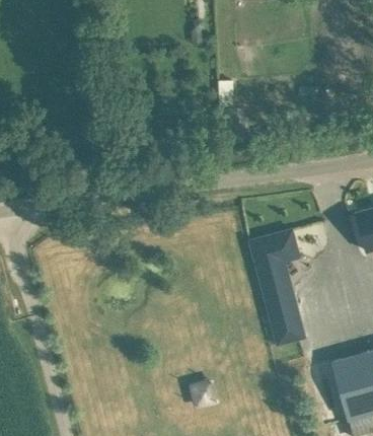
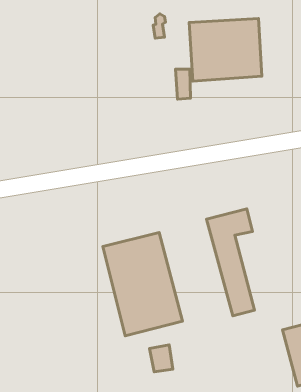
building: none -> [189,19,262,81]
building: none -> [103,232,182,336]

